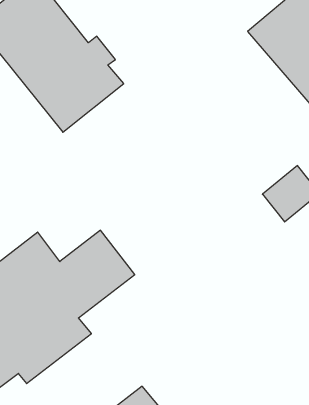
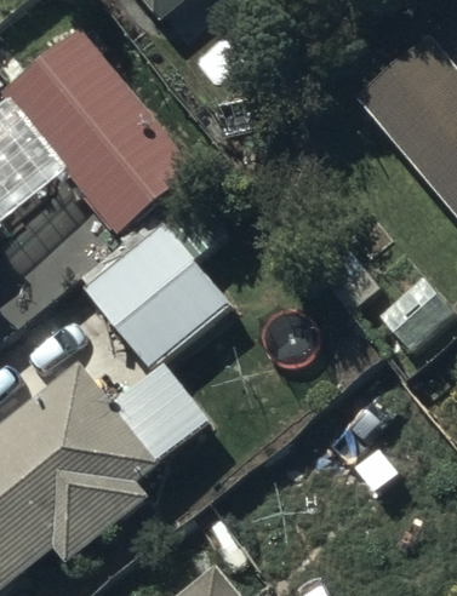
building: none -> [78,196,232,371]

